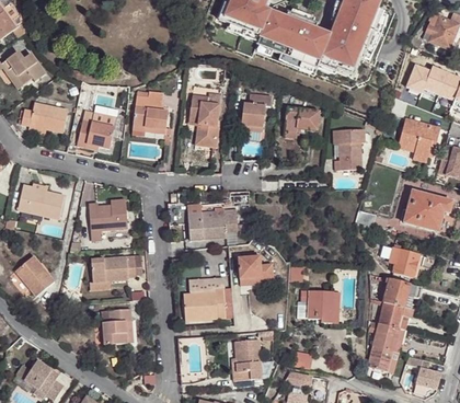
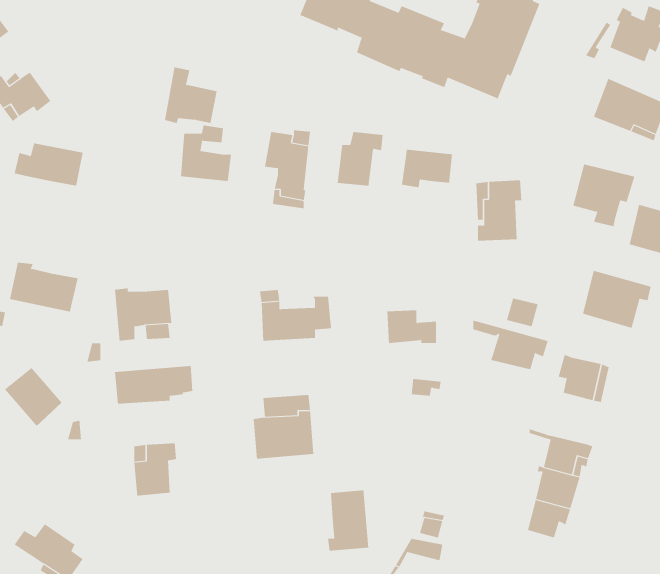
building: [77,110,113,148] -> [164,67,218,123]
building: [238,254,272,277] -> [387,310,437,344]
building: [370,274,422,308] -> [473,320,549,370]
building: [300,290,332,325] -> none
building: [405,355,441,389] -> none

